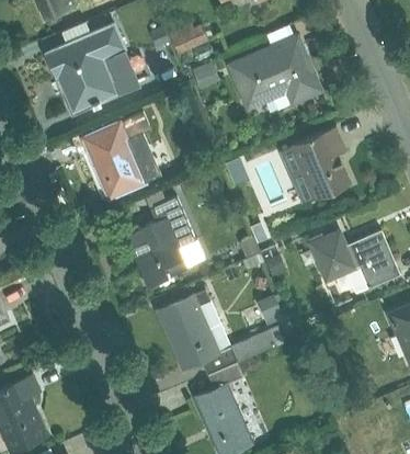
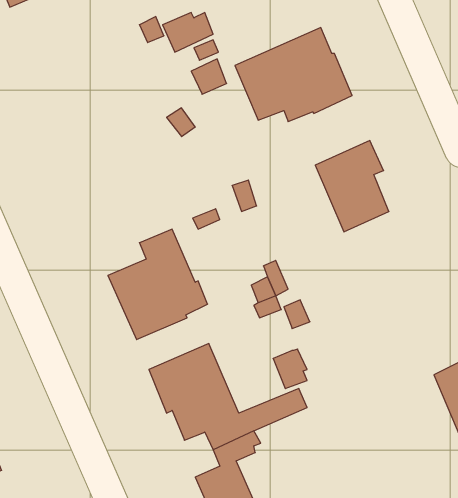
building: [46,23,139,112] -> none
building: [82,112,160,198] -> none
building: [307,228,399,293] -> none

